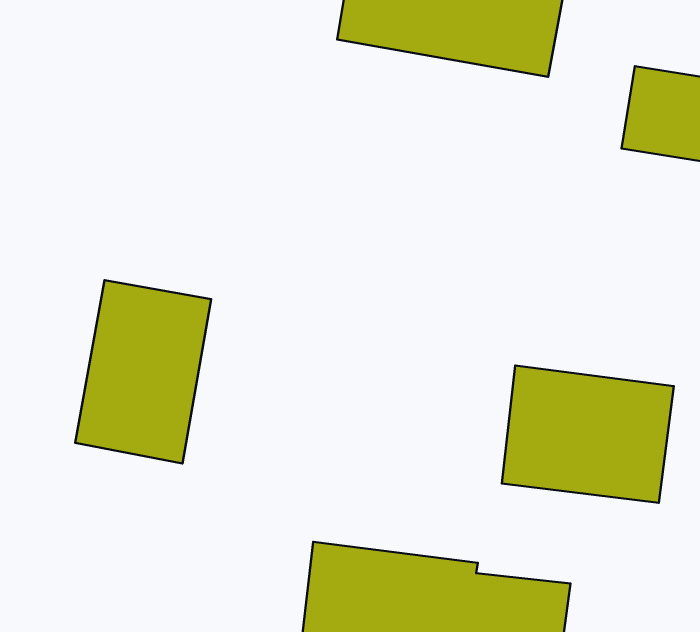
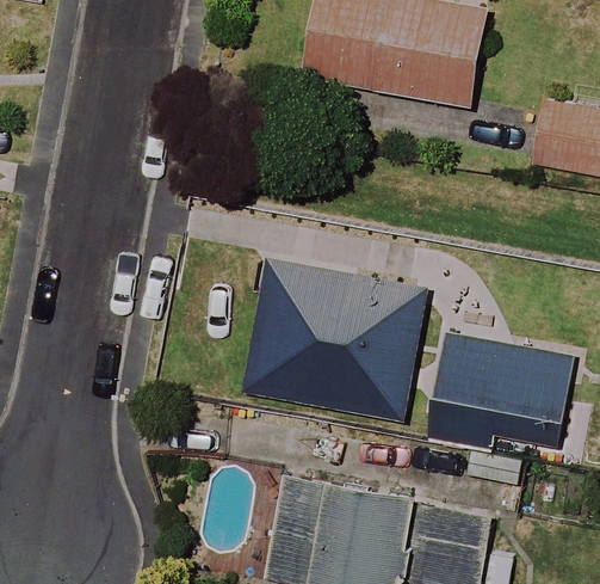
building: none -> [245,258,426,420]
building: [75,280,211,463] -> none

